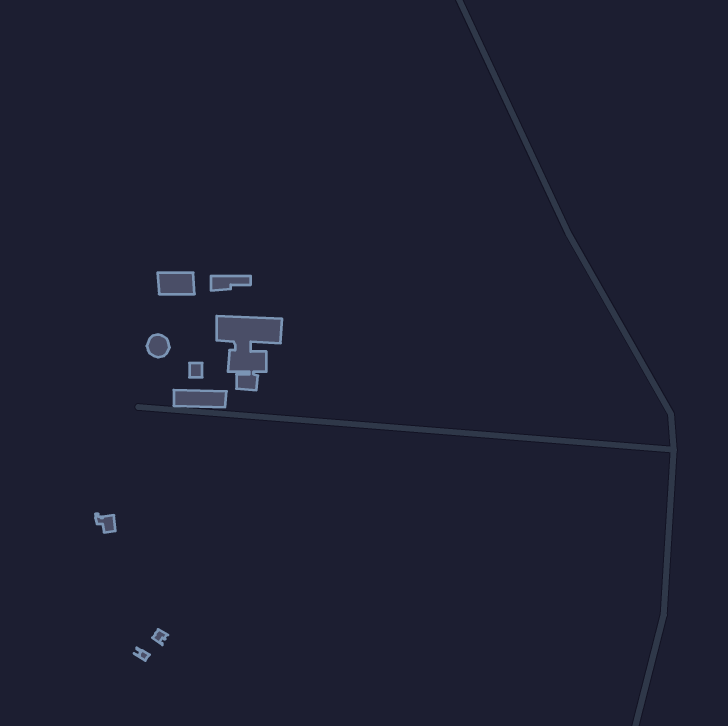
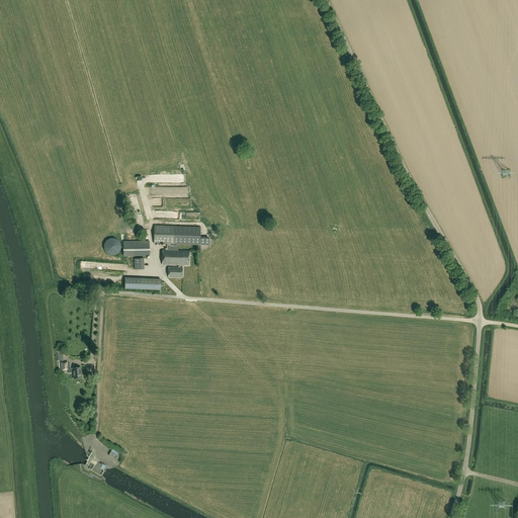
building: [158,273,195,294] -> [123,240,150,255]

